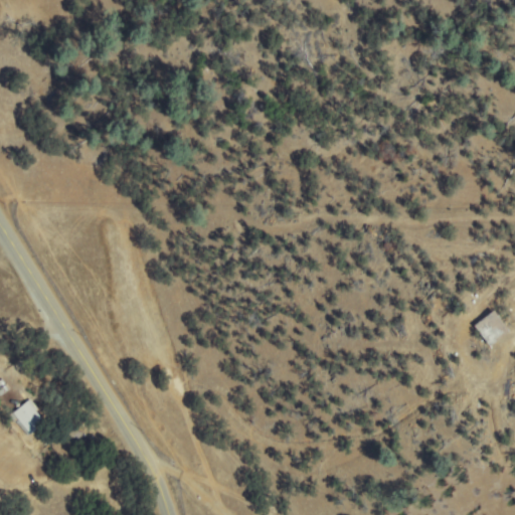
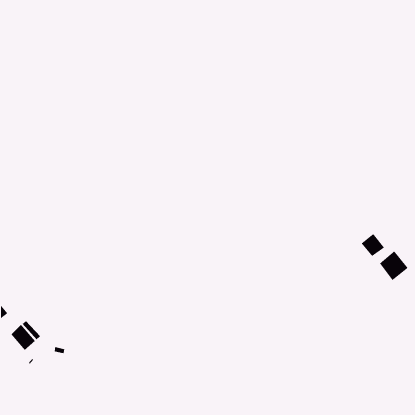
building: none -> [361,233,385,257]

